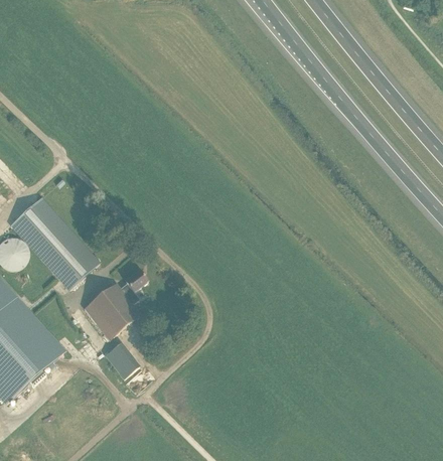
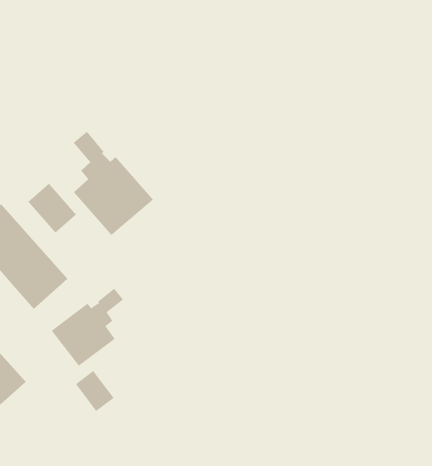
building: none -> [73,131,154,236]
building: none -> [27,183,77,234]

